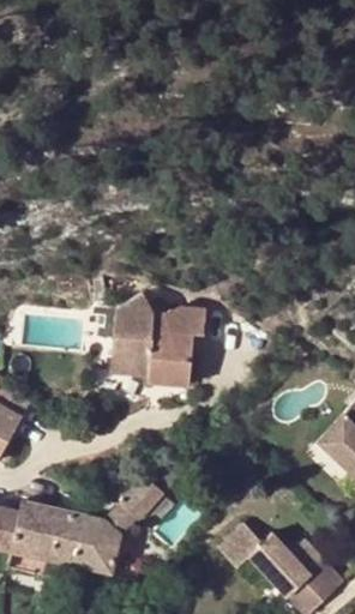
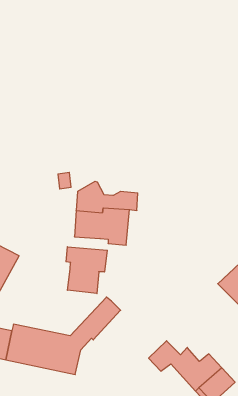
building: none -> [66,247,107,294]

